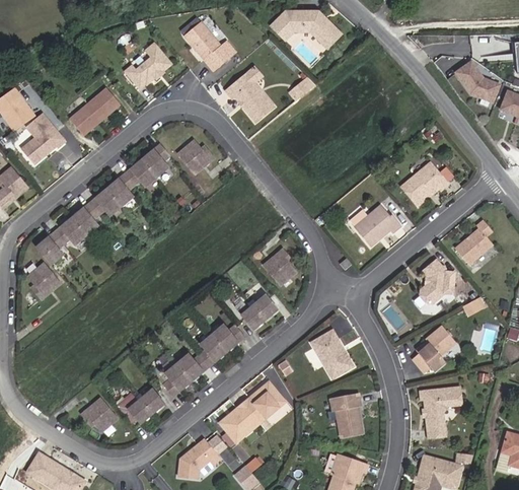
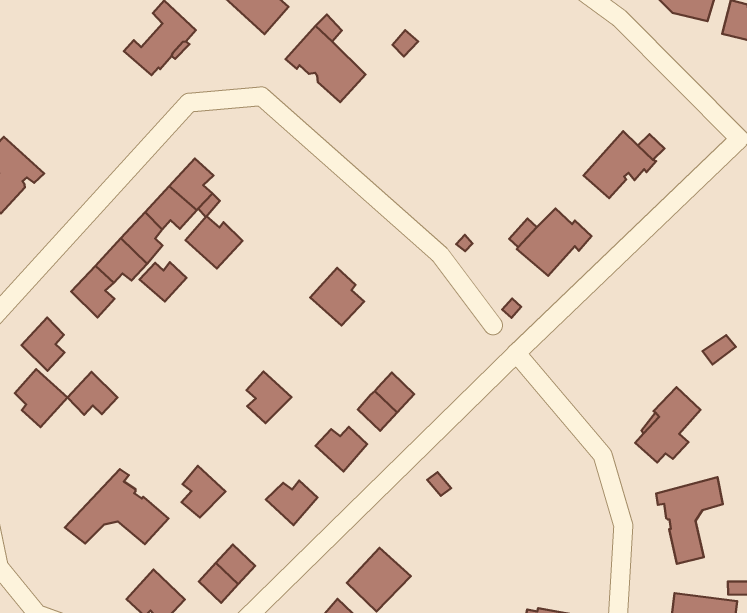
building: [69,87,120,135] -> none
building: [177,140,213,173] -> [185,216,242,268]
building: none -> [139,262,187,302]
building: [54,217,85,244] -> [67,372,118,415]
building: [454,220,492,265] -> none
building: [263,249,296,285] -> [310,268,364,326]
building: [419,259,453,303] -> none
building: [311,331,352,377] -> none
building: none -> [65,469,169,544]
building: [198,334,226,366] -> [247,372,291,423]
building: [162,363,191,396] -> [182,466,226,518]
building: [242,381,285,423] -> none
building: [329,394,362,437] -> none

